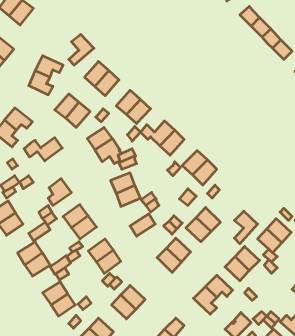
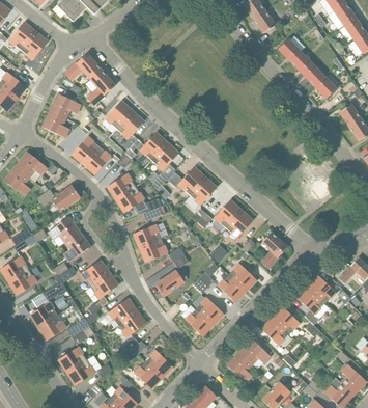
building: none -> [65,53,101,79]
building: none -> [48,216,79,241]
building: [234,211,258,244] -> [261,232,287,268]

